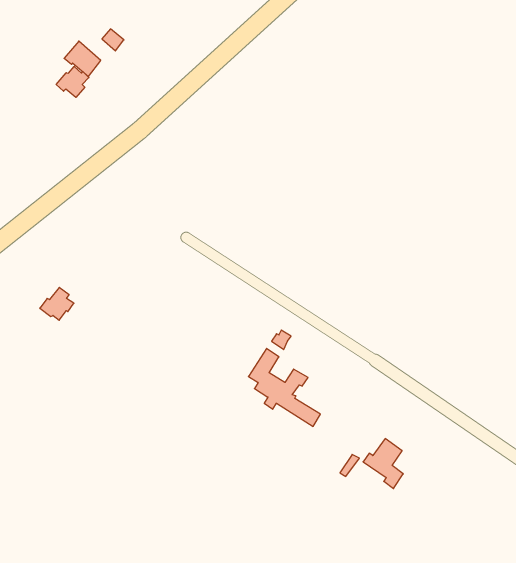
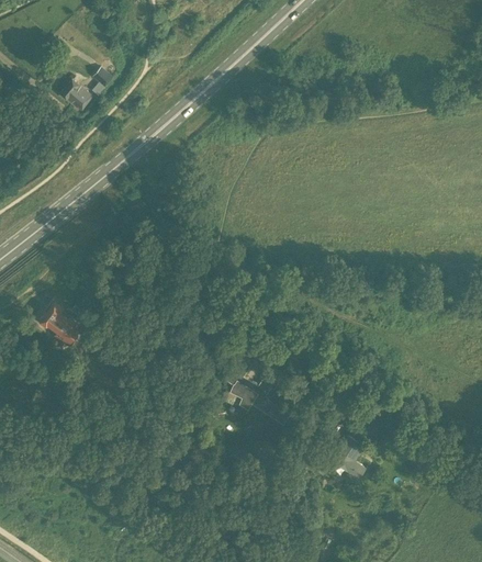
building: [56,66,89,97] -> none
building: none -> [55,316,81,348]

